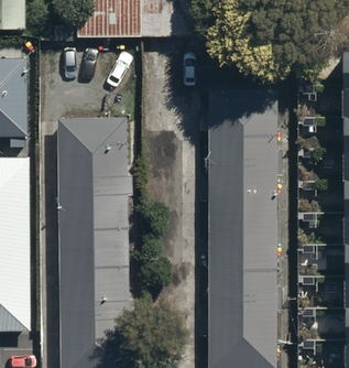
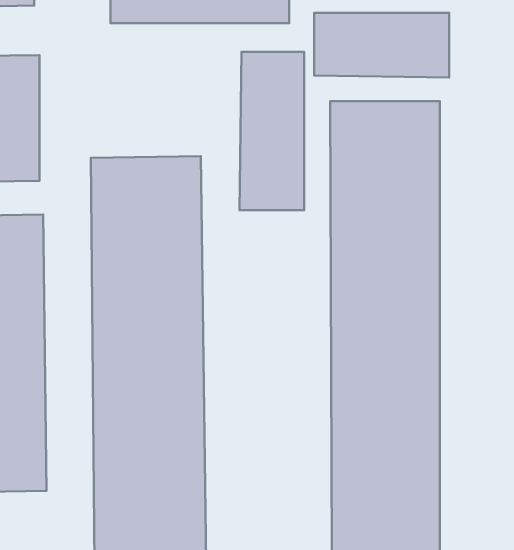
building: none -> [314,13,449,77]
building: none -> [240,52,304,210]

